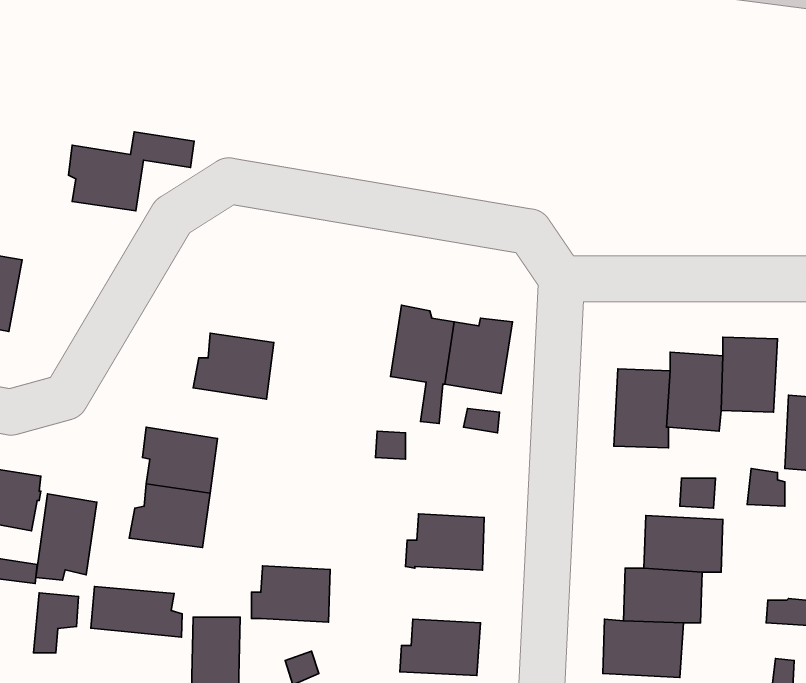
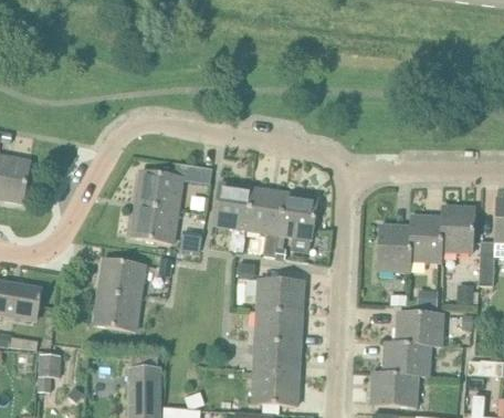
building: [68,132,194,211] -> [138,163,212,209]
building: none -> [214,181,253,252]
building: none -> [256,279,304,312]
building: [36,494,97,580] -> none
building: [251,566,330,622] -> [254,341,301,374]
building: [91,587,182,637] -> none

